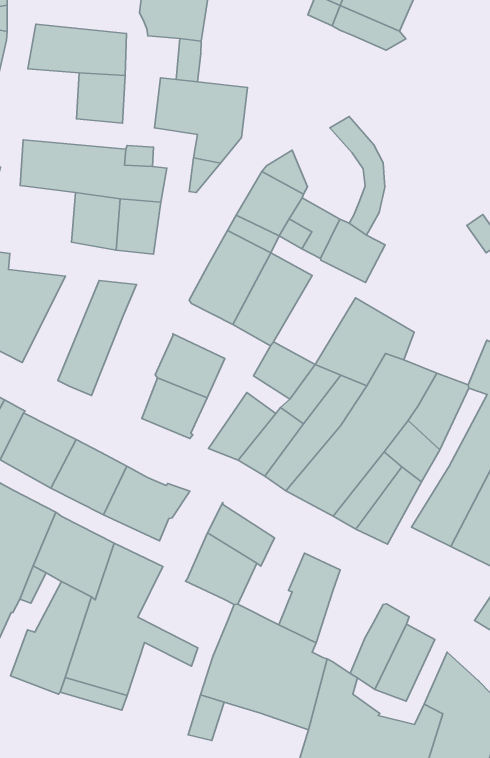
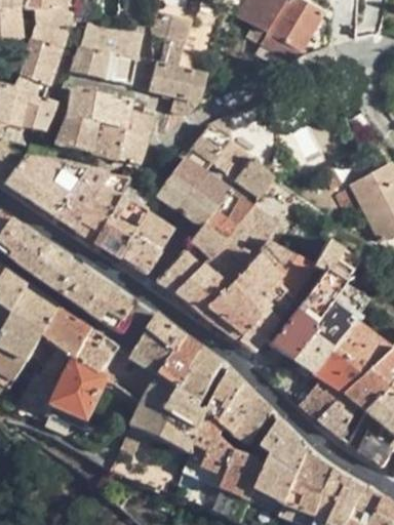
building: none -> [72,45,110,78]
building: none -> [55,113,99,150]
building: none -> [203,188,254,240]
building: none -> [54,169,106,230]
building: none -> [92,197,145,258]
building: none -> [162,337,206,390]
building: none -> [208,369,247,423]

